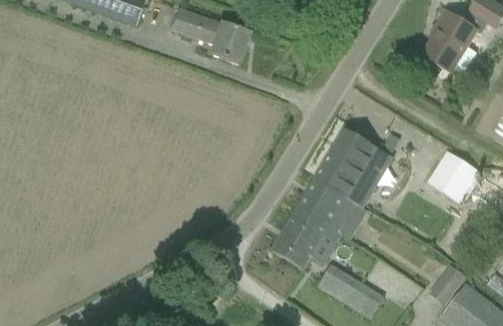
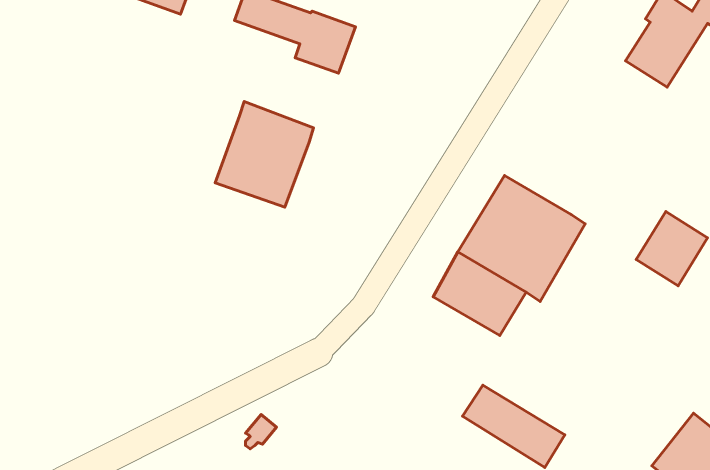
building: none -> [215,102,314,207]
building: [273,207,342,268] -> none
building: [431,265,465,302] -> none

